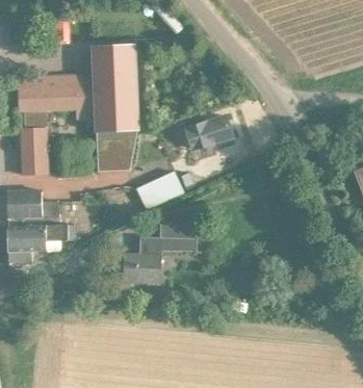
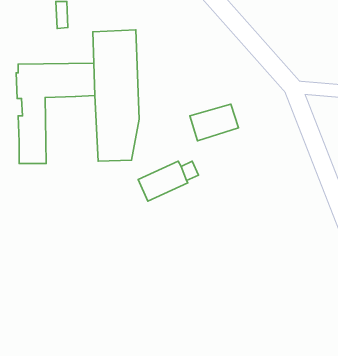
building: [7,190,58,217] -> none
building: [124,223,196,283] -> none
building: [7,224,74,264] -> none

